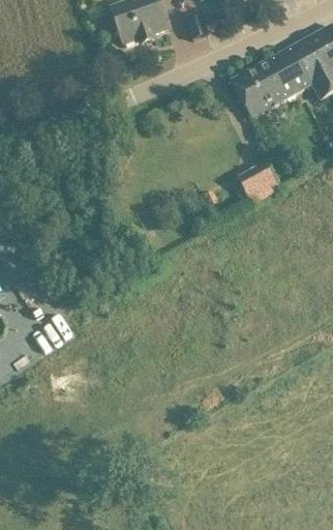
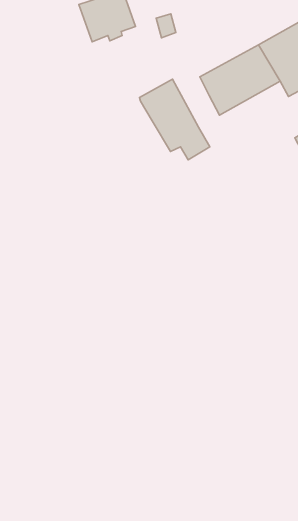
building: none -> [139,79,210,160]
building: [238,159,280,199] -> none

